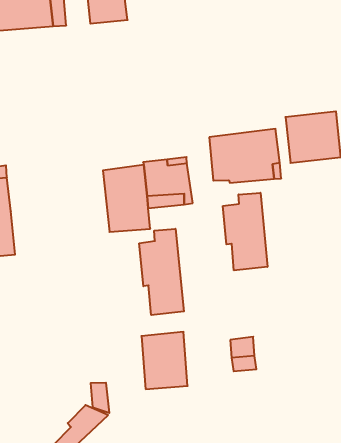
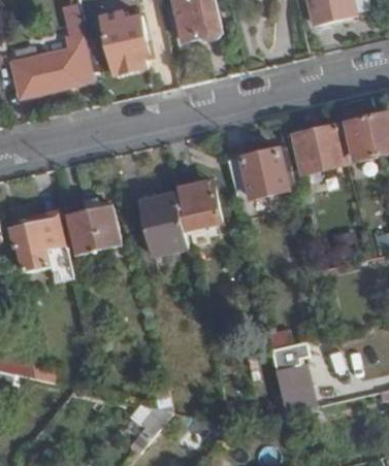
building: none -> [69,205,122,256]
building: [223,193,267,270] -> none
building: [139,229,184,315] -> none
building: [141,332,188,389] -> [269,361,315,414]

